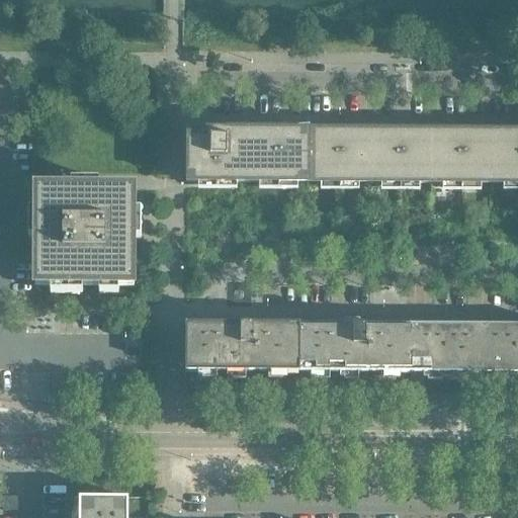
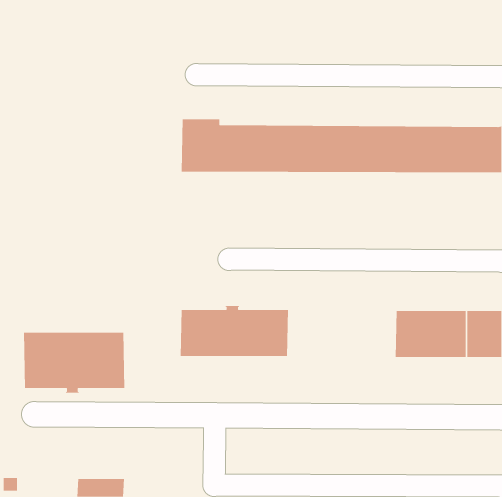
building: [36,185,134,282] -> none
building: [296,316,408,368] -> none
building: none -> [23,332,125,394]

